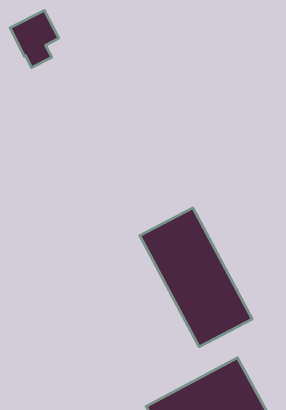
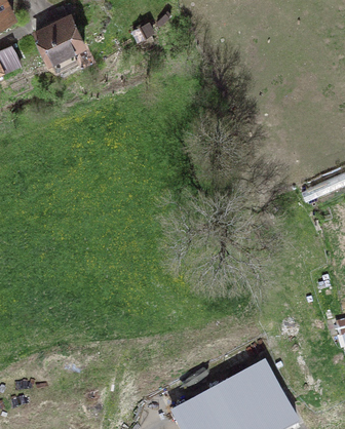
building: [140,208,252,347] -> none

